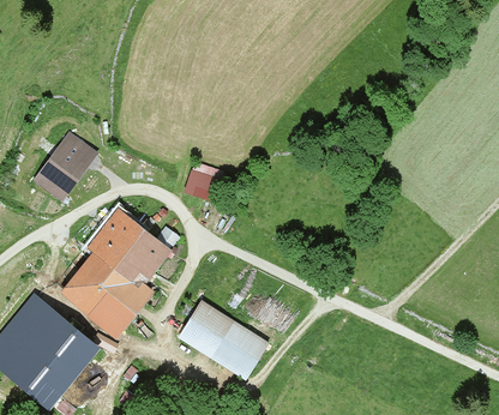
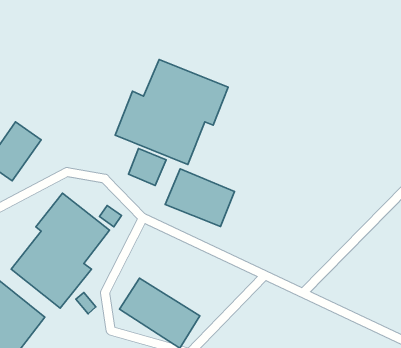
building: none -> [115,59,228,164]
building: none -> [165,169,234,226]

